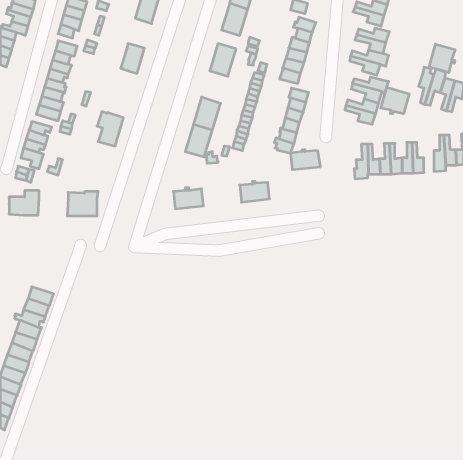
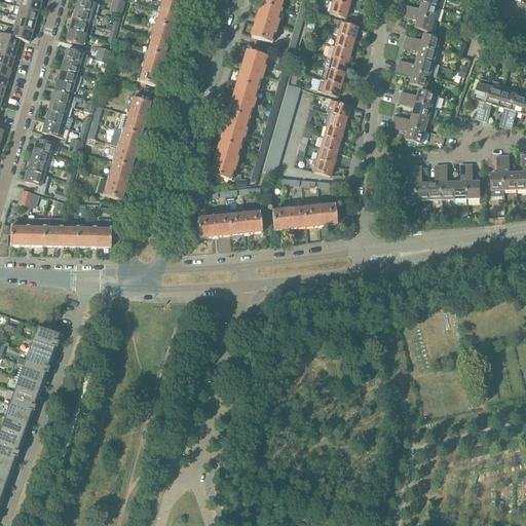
building: none -> [146,21,173,54]
building: [429,44,455,73] -> none
building: none -> [229,80,259,117]
building: none -> [122,97,150,134]
building: [381,87,409,114] -> none
building: none -> [103,160,132,197]
building: [291,150,320,170] -> [304,202,338,225]
building: none -> [229,210,262,233]
building: none -> [44,216,78,245]

